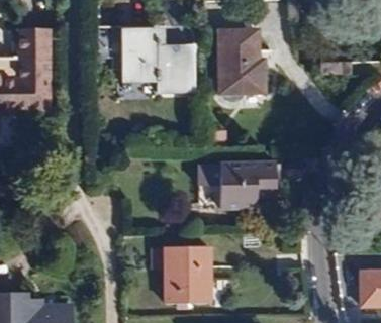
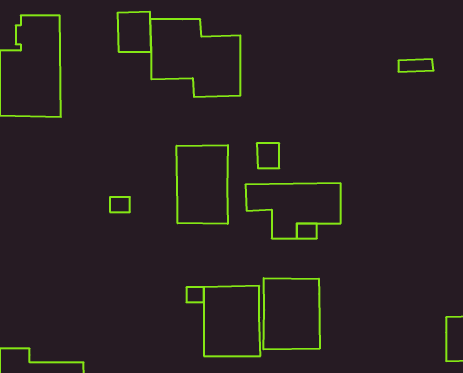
building: [219,29,265,92] -> none
building: none -> [177,145,228,224]
building: none -> [263,278,320,349]

